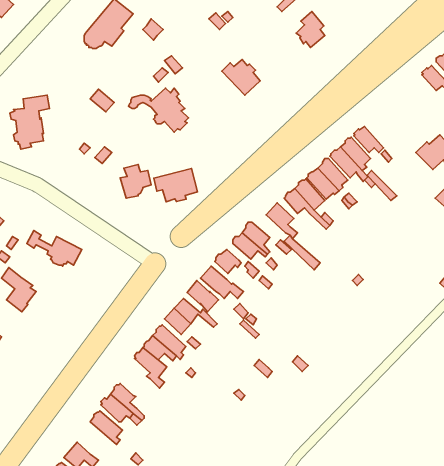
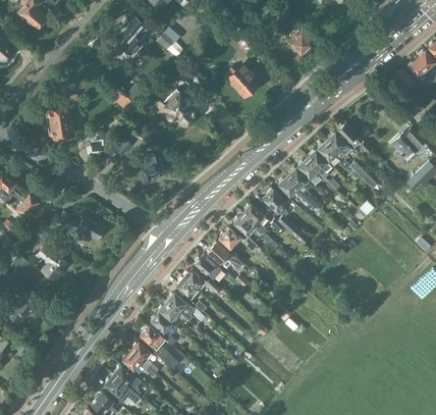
building: [154,169,198,202] -> none
building: none -> [140,324,177,368]
building: none -> [105,374,141,403]

